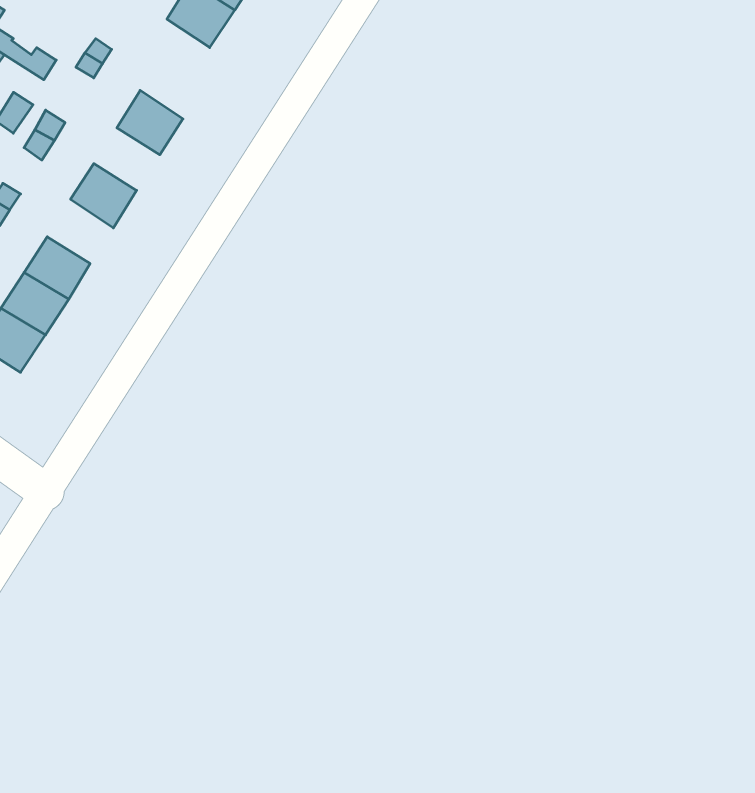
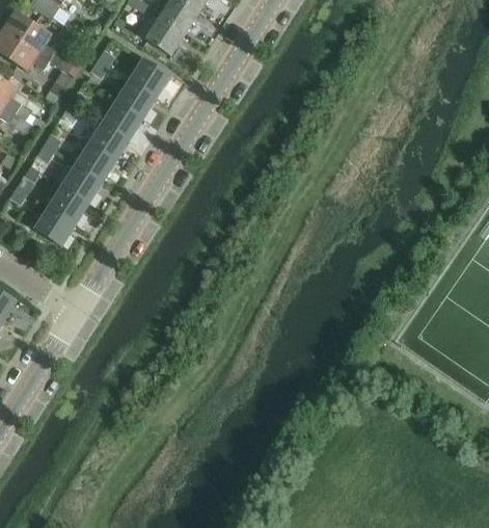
building: none -> [129,59,168,97]
building: none -> [102,102,140,138]
building: none -> [75,143,113,181]

